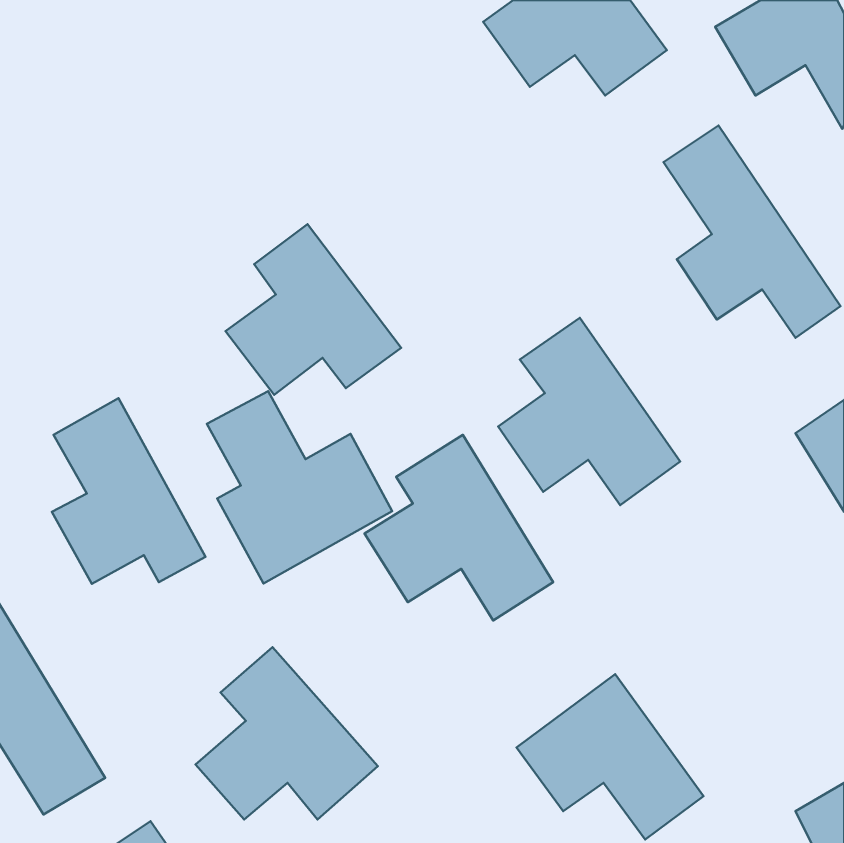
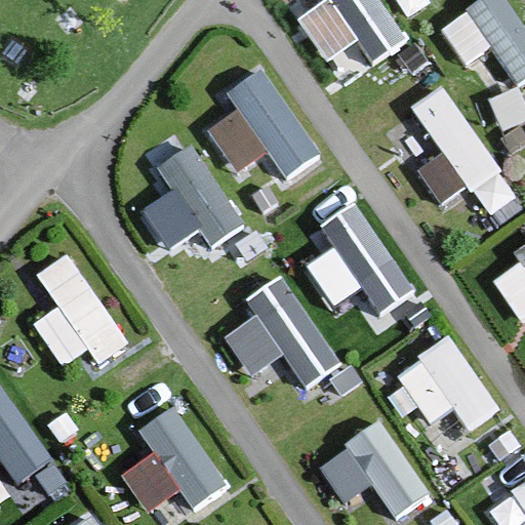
building: none -> [206,67,321,180]
building: [207,391,392,584] -> none
building: none -> [392,334,502,449]

